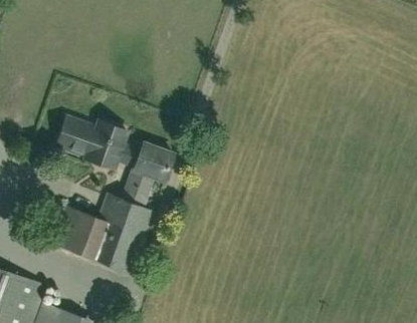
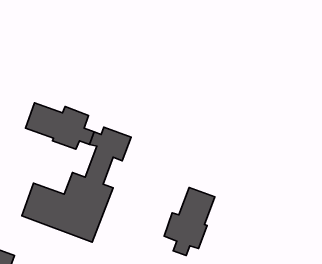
building: none -> [164,187,215,256]

